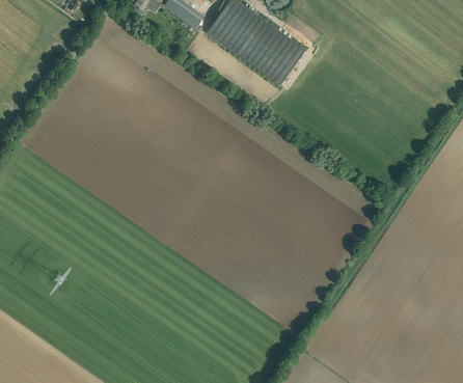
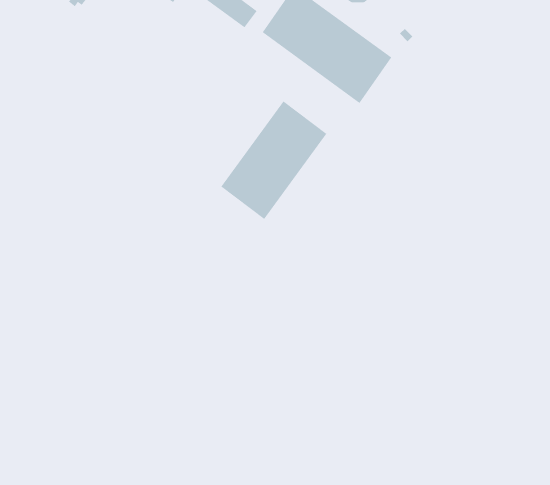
building: none -> [221,100,327,220]

